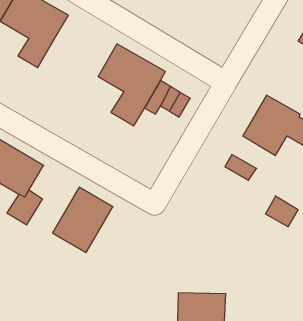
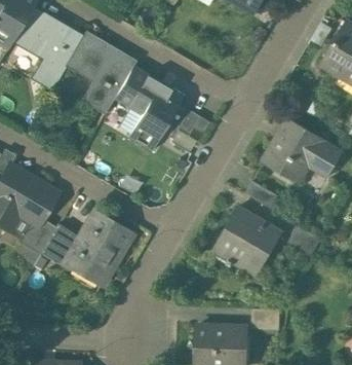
building: none -> [66,34,134,113]
building: none -> [218,207,283,269]
building: none -> [40,224,81,271]
building: none -> [251,308,280,329]

